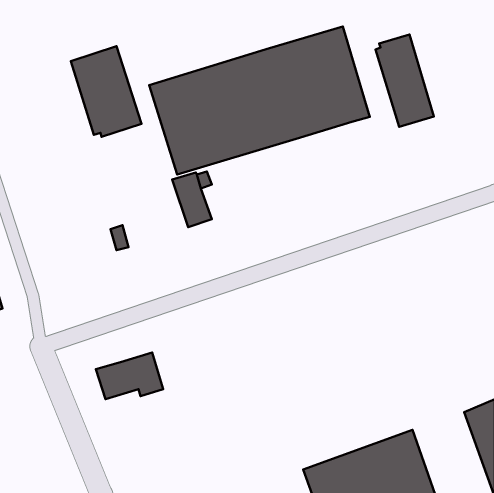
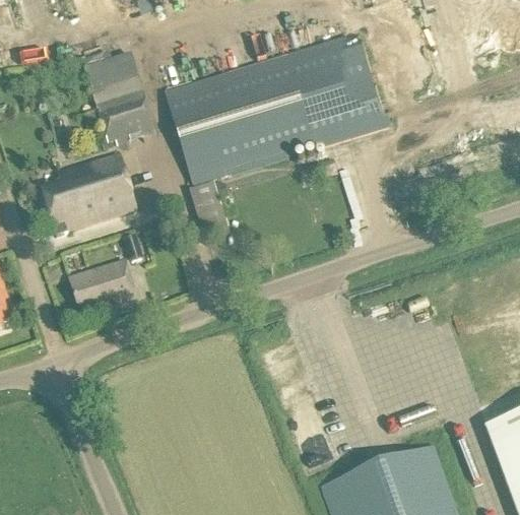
building: [375,35,434,127] -> none
building: none -> [41,153,137,234]
building: [96,352,163,399] -> [68,259,137,307]

